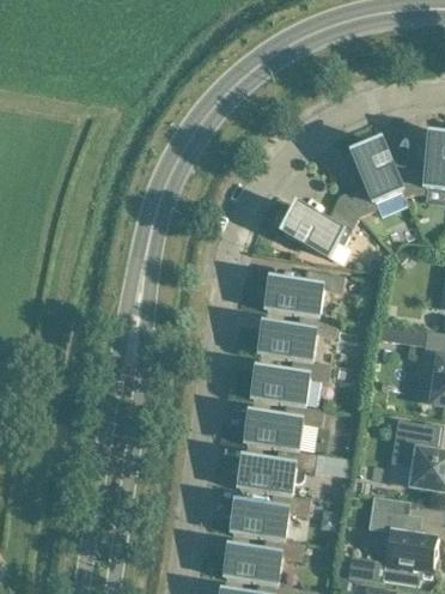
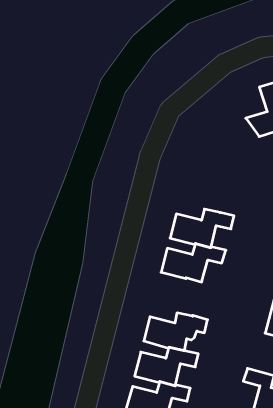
building: [280,192,356,254] -> none
building: [264,266,342,314] -> none
building: [244,400,322,448] -> none

